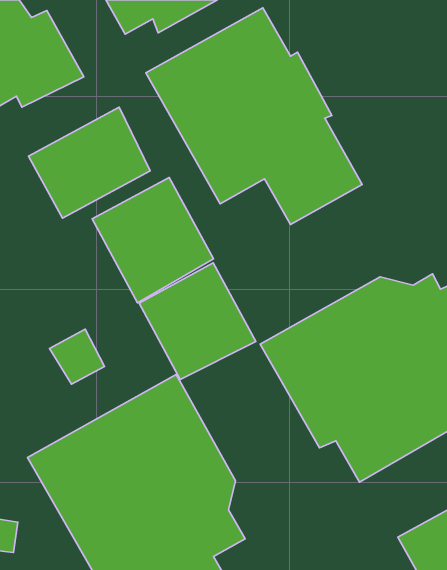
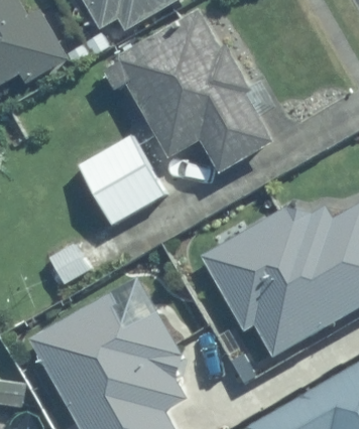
building: [29,107,150,218] -> none
building: [139,263,256,380] -> none

